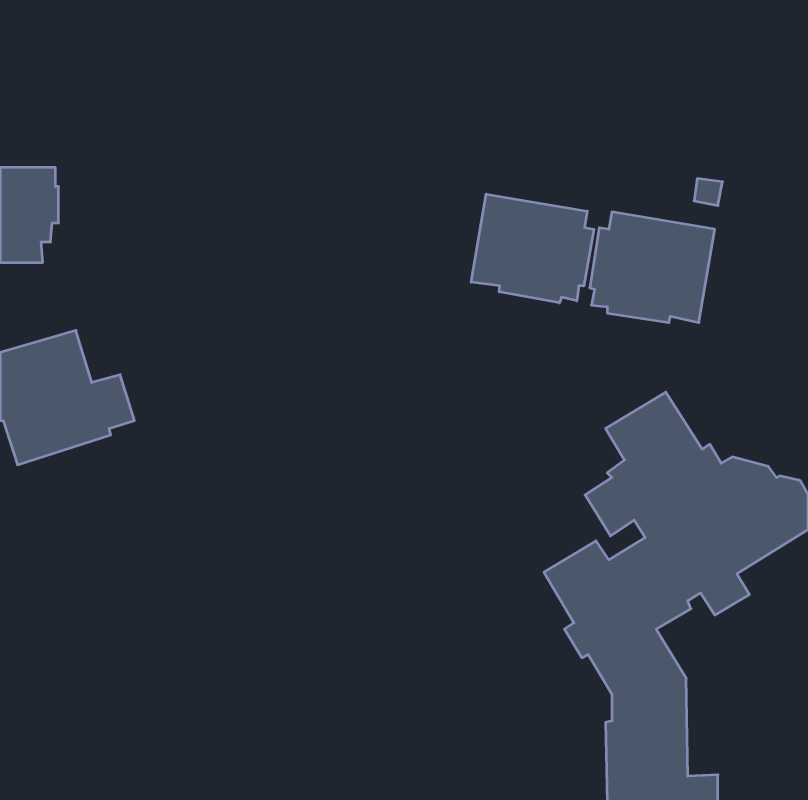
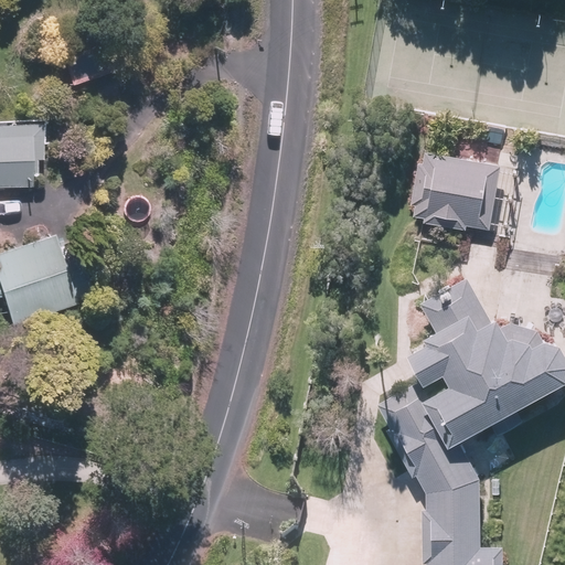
building: [471,194,594,303] -> none

